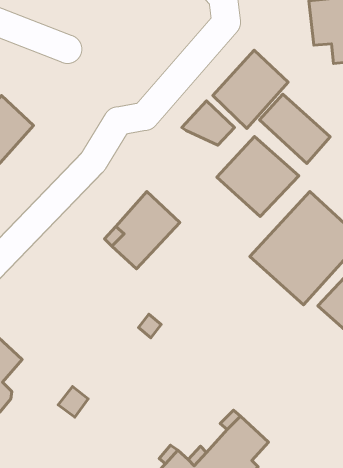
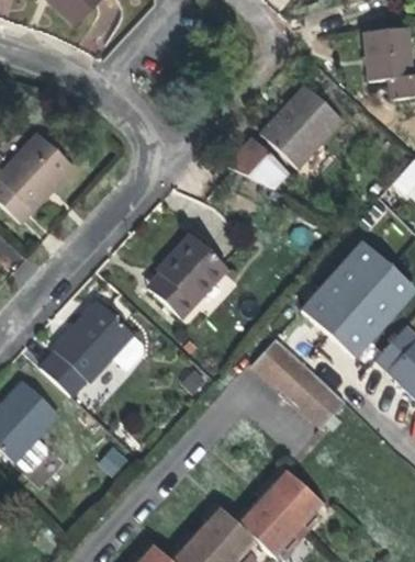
building: [260,94,330,163] -> none
building: [217,137,299,216] -> none
building: none -> [42,303,135,400]
building: none -> [253,340,344,428]

